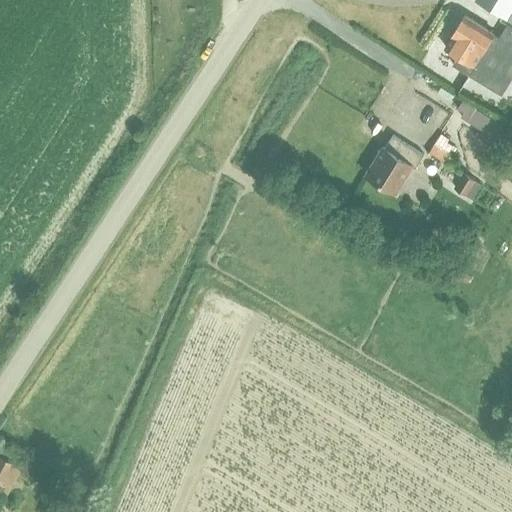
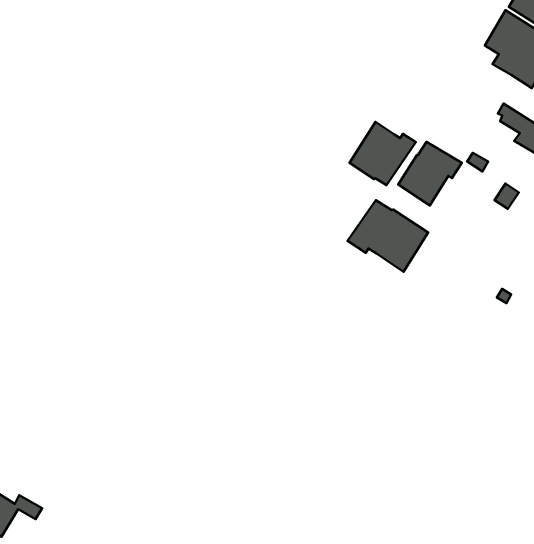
building: none -> [349,122,416,185]
building: none -> [348,200,428,272]

